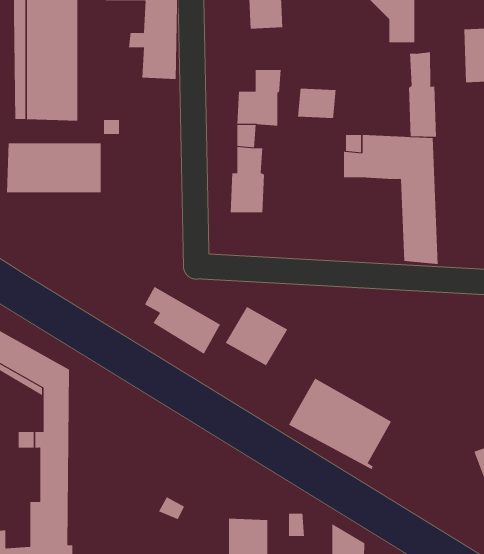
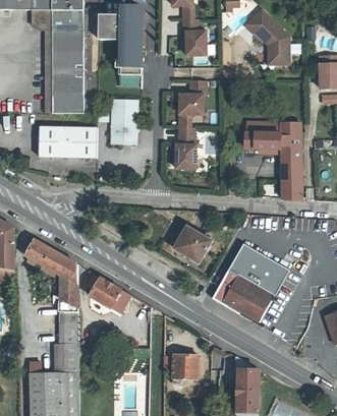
building: [409,52,436,138] -> none
building: [297,88,336,119] -> none
building: none -> [111,100,138,143]
building: [144,286,221,355] -> [85,273,131,314]
building: none -> [227,241,289,296]

